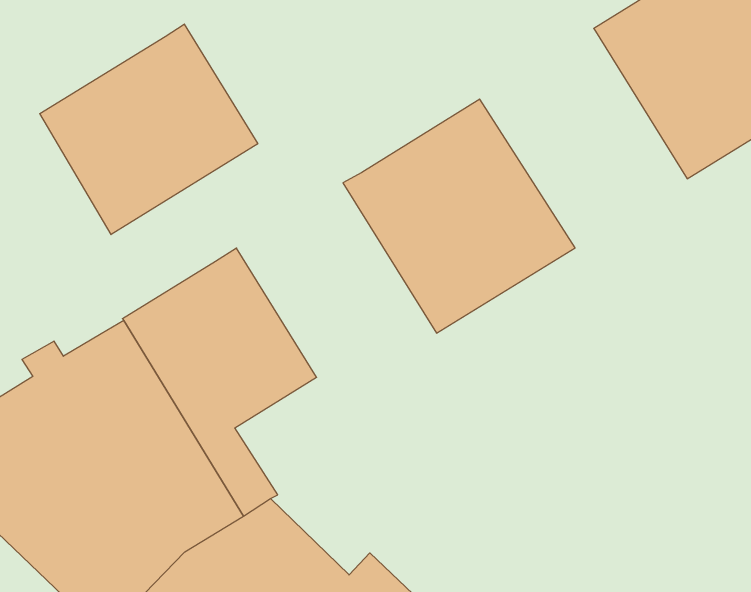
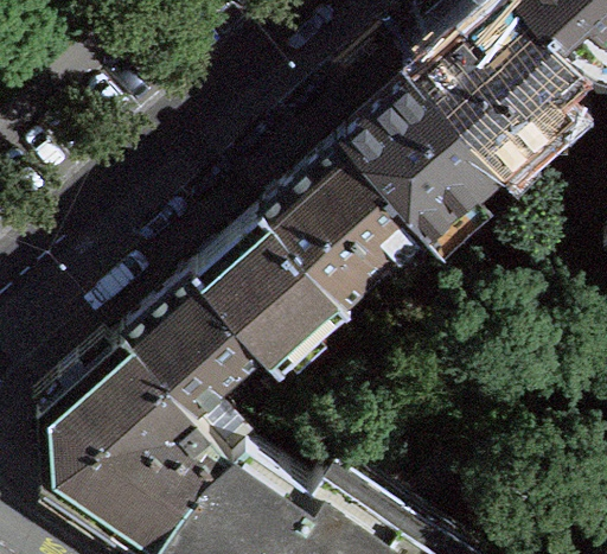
building: [40,24,258,235] -> none
building: none -> [358,75,512,230]
building: none -> [206,212,358,368]

